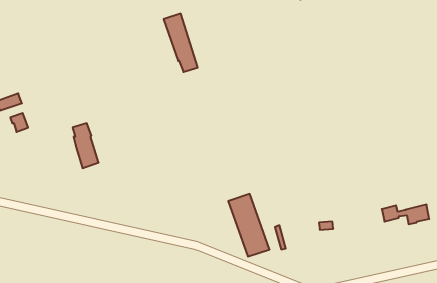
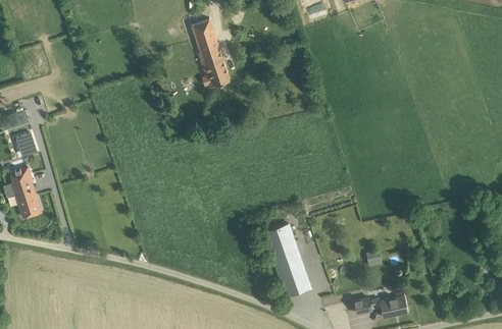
building: [73,123,99,168] -> [10,167,40,218]
building: [382,205,429,224] -> [352,295,406,318]

